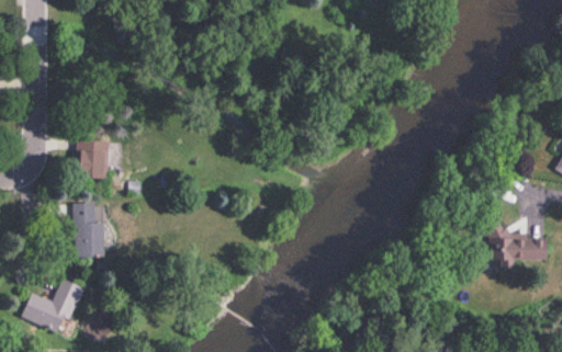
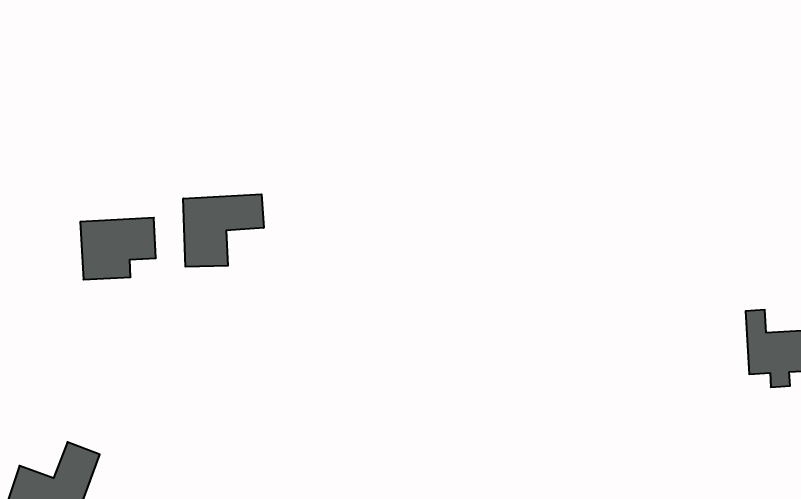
building: none -> [183,194,264,267]
building: [72,203,103,256] -> none

